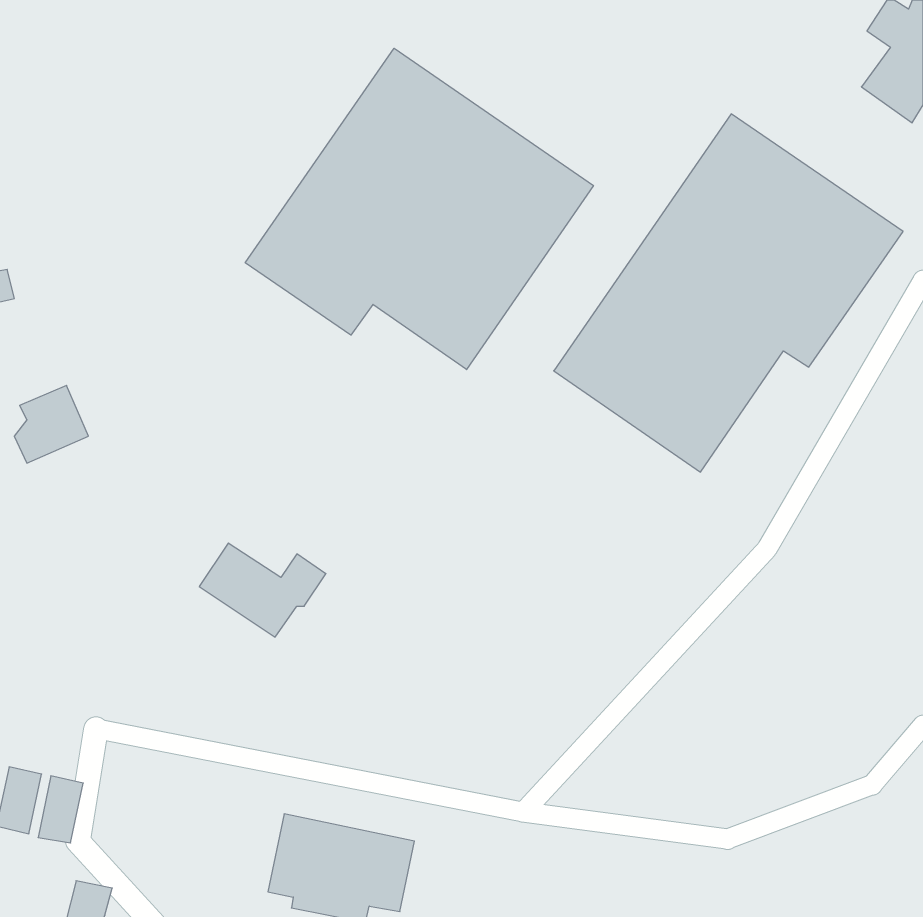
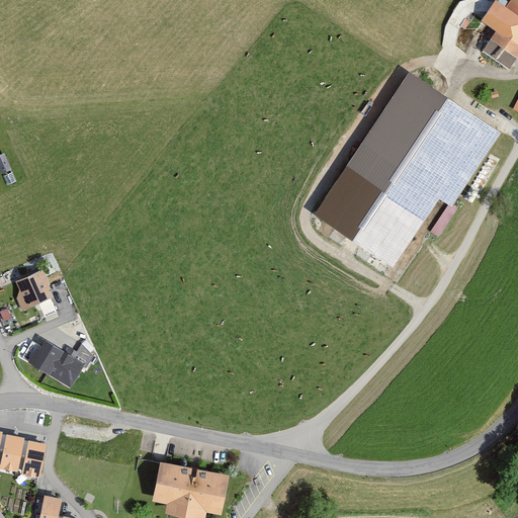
building: [245,48,593,370] -> none
building: [14,385,88,463] -> [13,272,55,316]
building: [199,543,326,637] -> [25,337,96,390]

